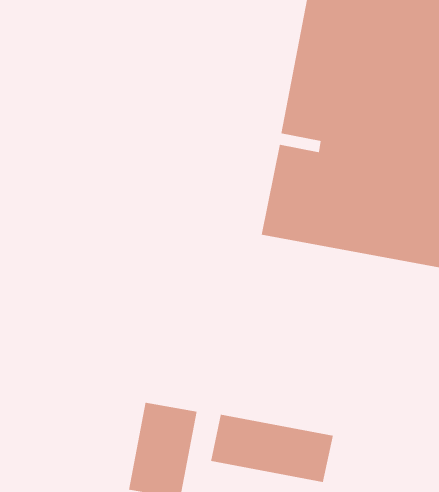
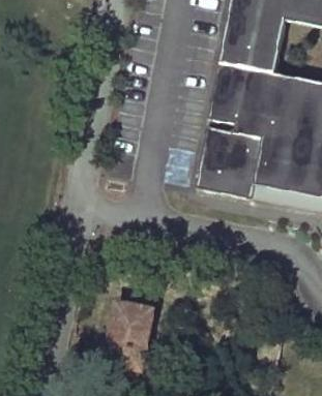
building: [210,414,334,483] -> none

